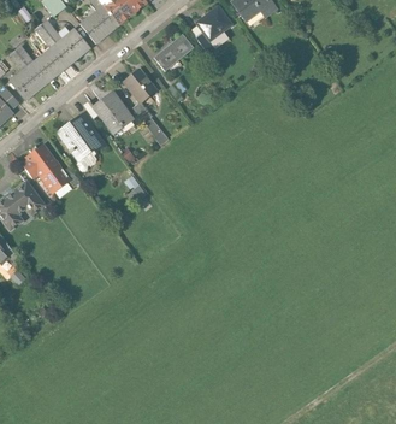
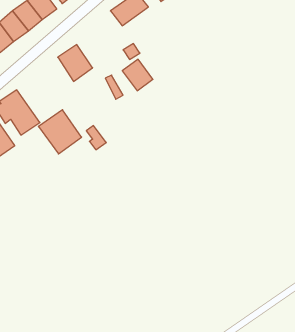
building: [123,66,158,102] -> [122,59,153,91]
building: [55,111,105,161] -> [38,110,82,154]

